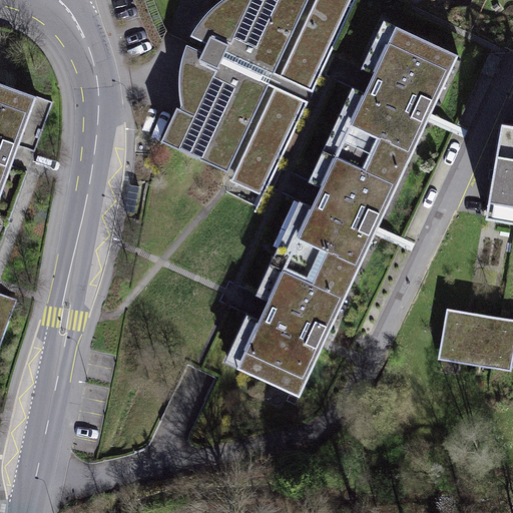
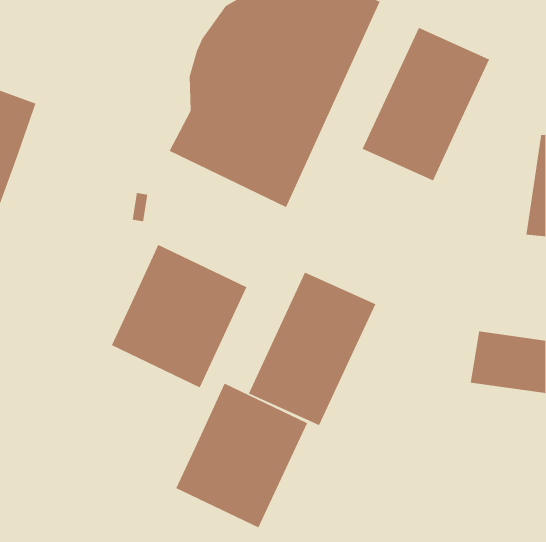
building: [285,139,405,284] -> none
building: none -> [111,244,248,388]
building: none -> [175,383,308,528]

